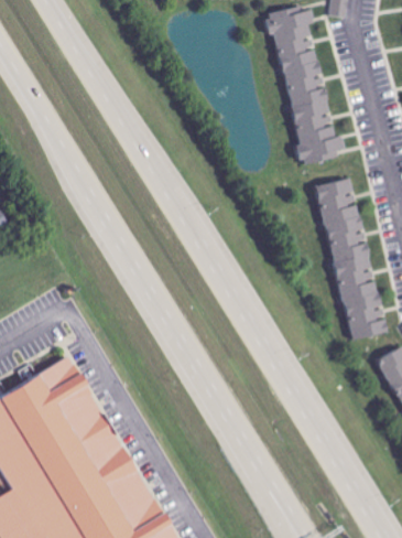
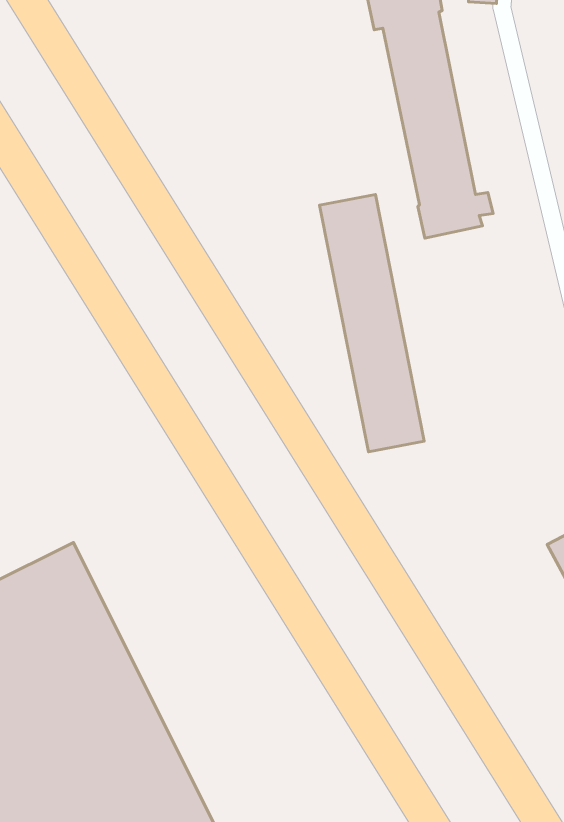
building: [317,179,383,341] -> [319,195,424,452]

